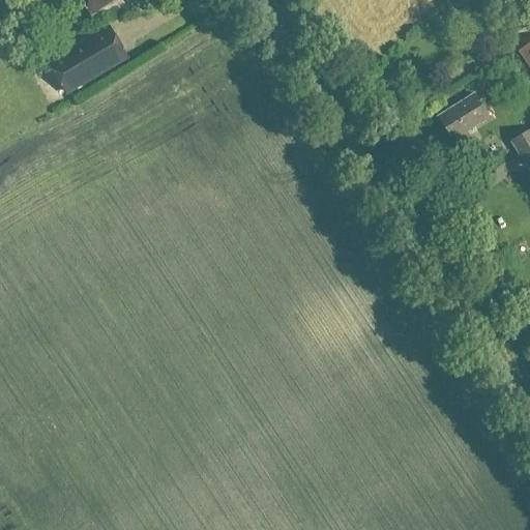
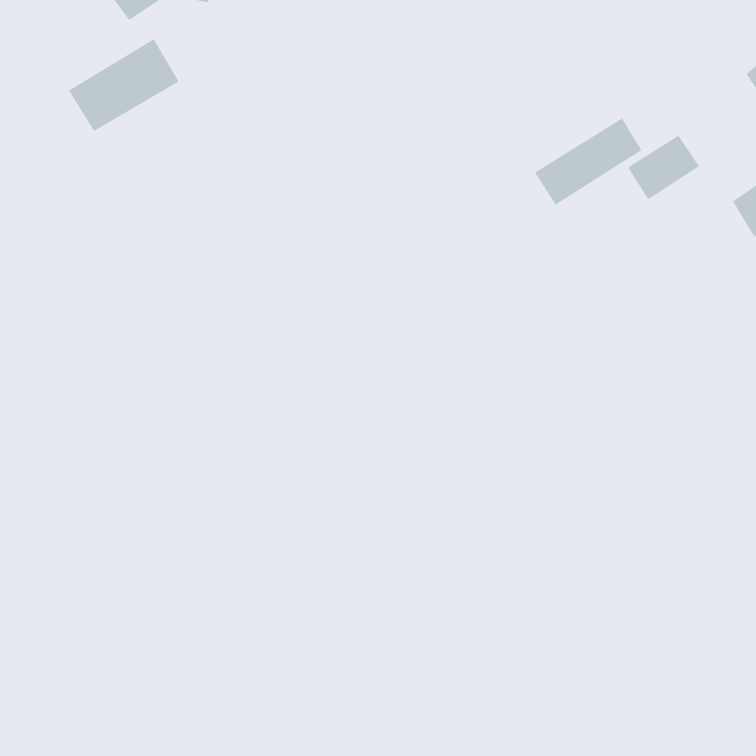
building: none -> [534,117,642,206]

